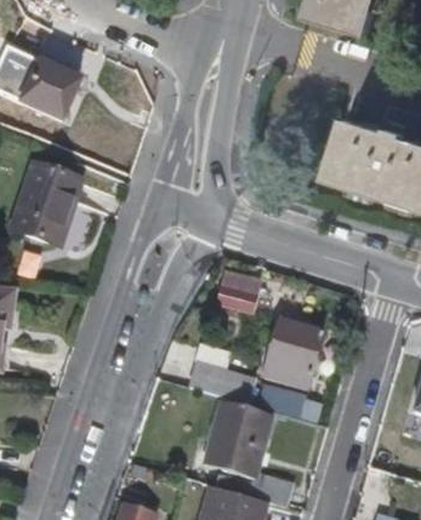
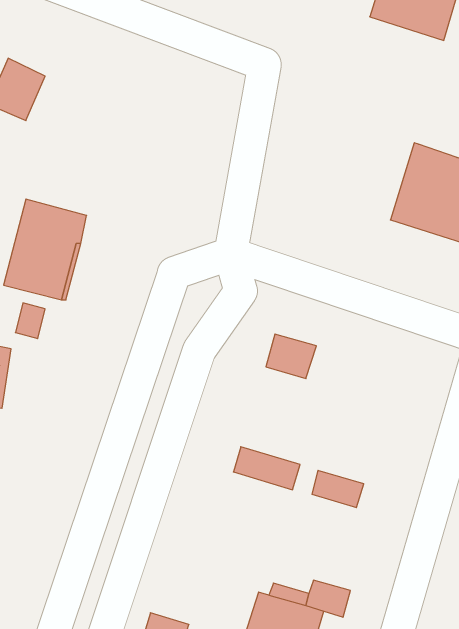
building: [23,62,80,118] -> none
building: [267,321,325,388] -> none
building: [207,404,271,480] -> none

